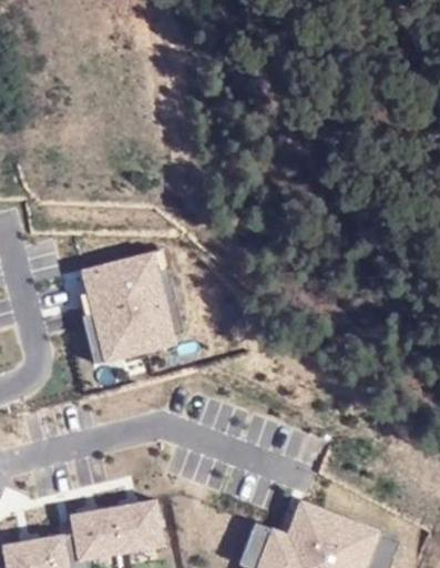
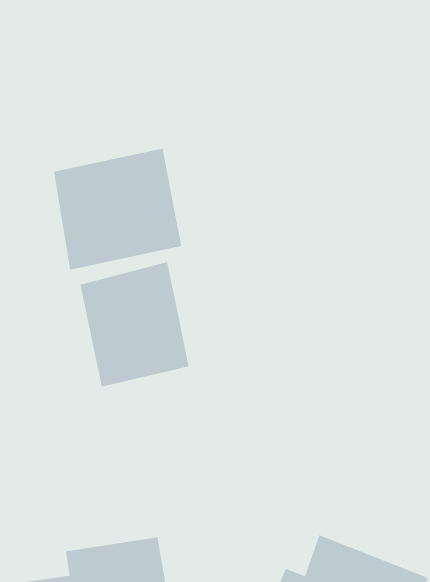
building: none -> [53,148,182,271]

